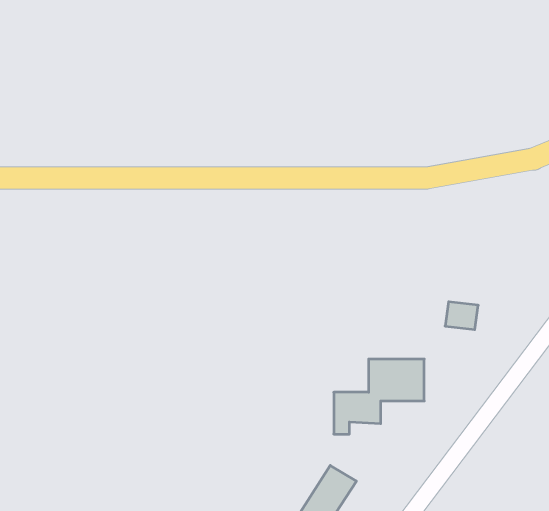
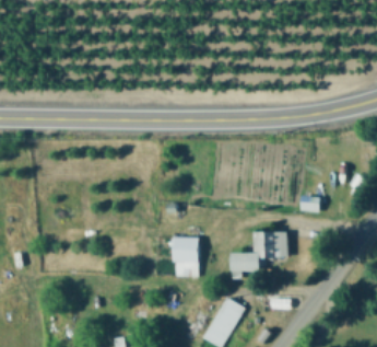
building: none -> [174,238,199,277]

